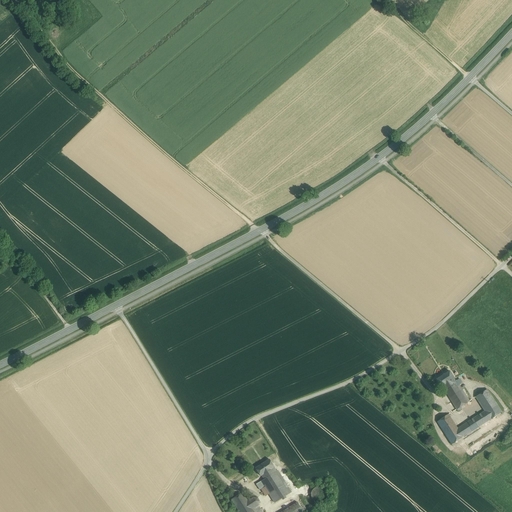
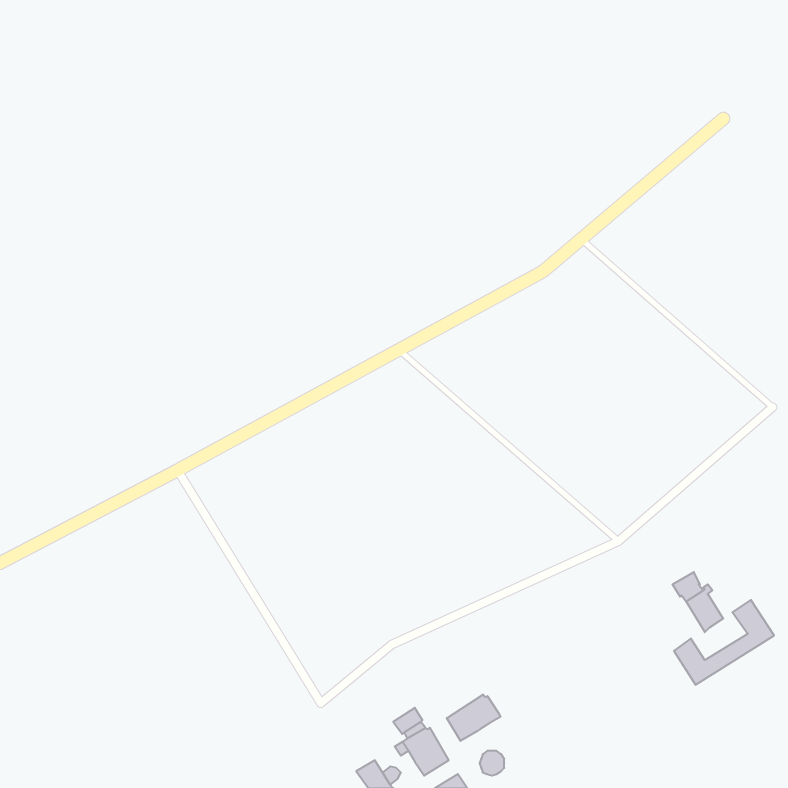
building: none -> [447,694,501,741]

